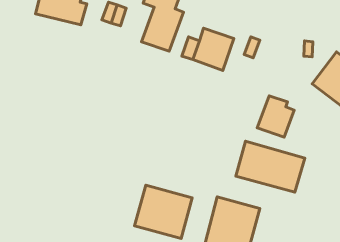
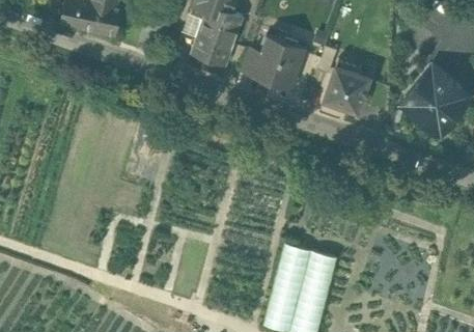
building: [257,96,294,137] -> [324,60,369,111]
building: [236,141,305,192] -> none
building: [135,185,192,238] -> none

